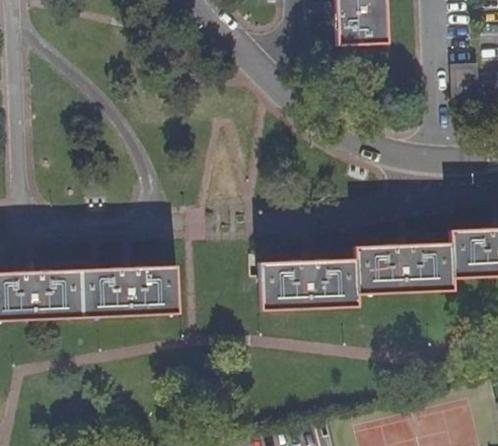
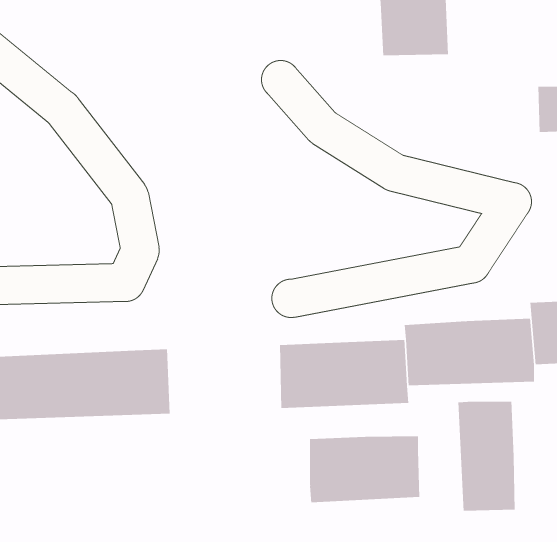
building: none -> [458,401,515,511]
building: none -> [309,436,420,503]

